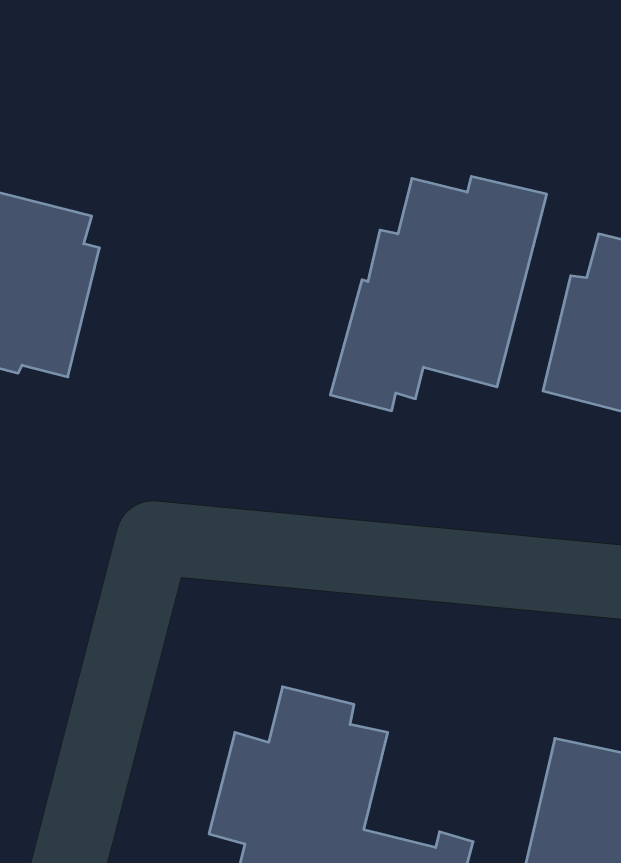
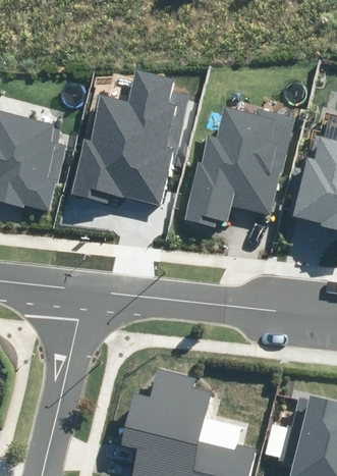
building: none -> [71,72,188,205]

